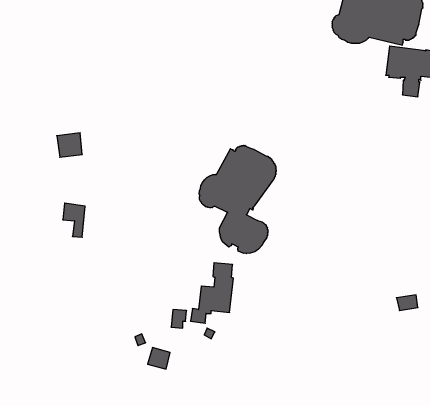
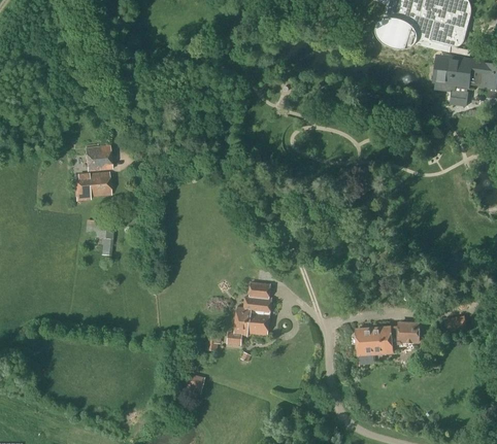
building: [199,145,276,254] -> none
building: none -> [74,171,111,199]
building: none -> [356,322,420,353]

